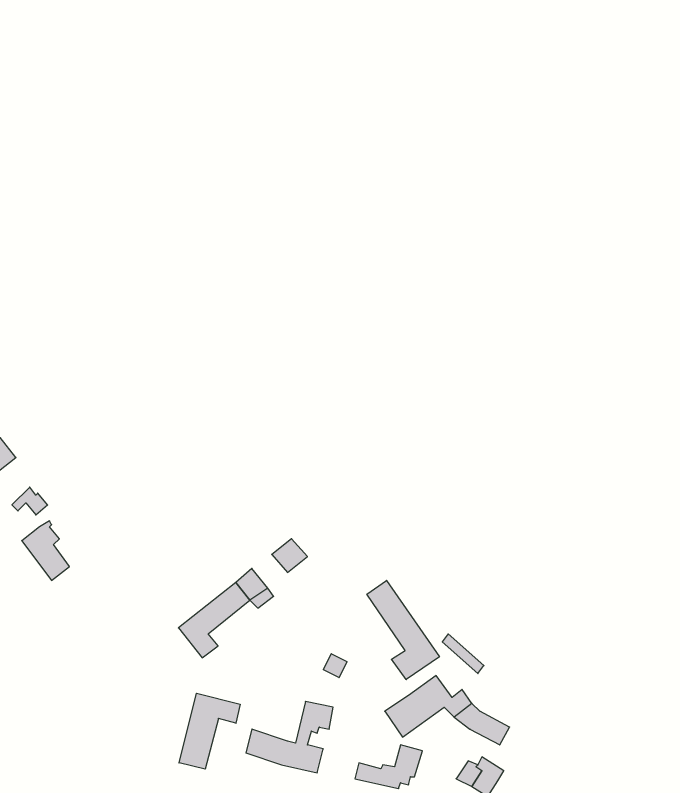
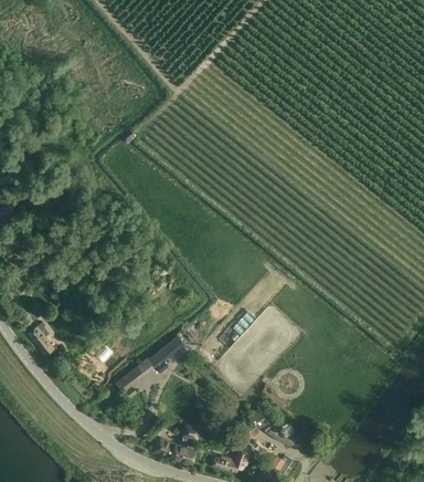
building: [367,580,439,680] -> none
building: [179,693,240,769] -> none

